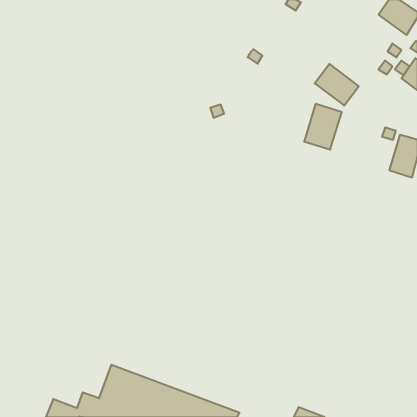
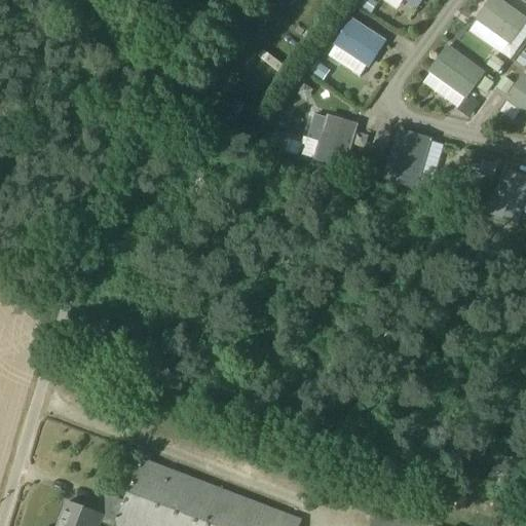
building: none -> [335,17,387,66]
building: [315,64,359,106] -> [429,45,485,98]
building: none -> [315,116,358,165]

